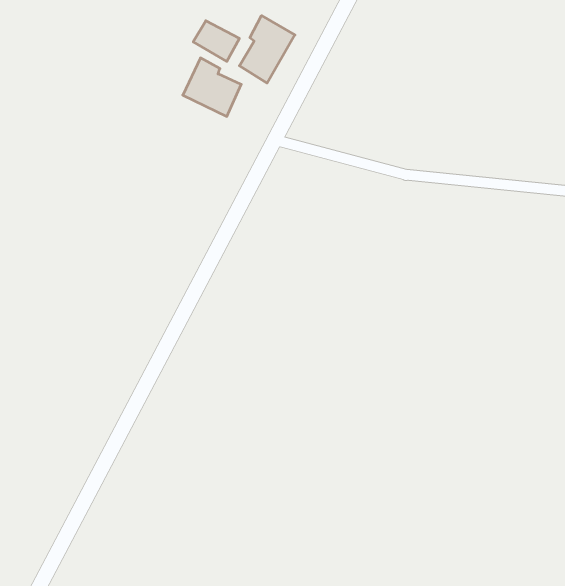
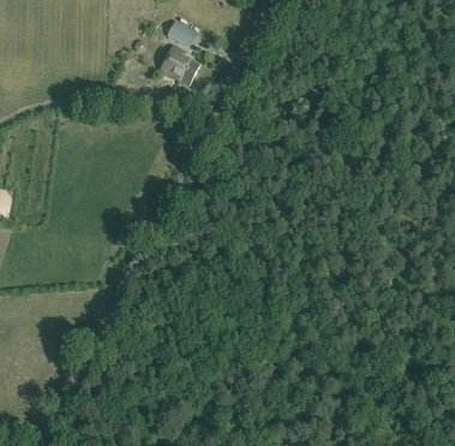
building: [239,16,295,83] -> none

